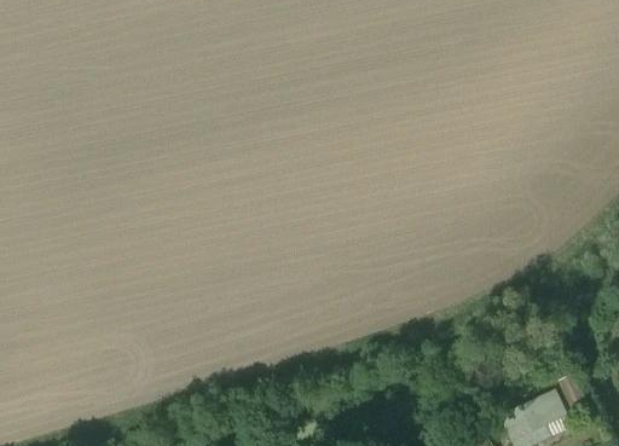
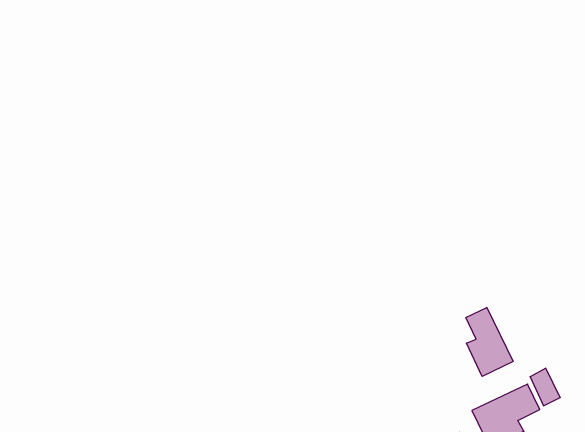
building: none -> [466,307,513,376]

